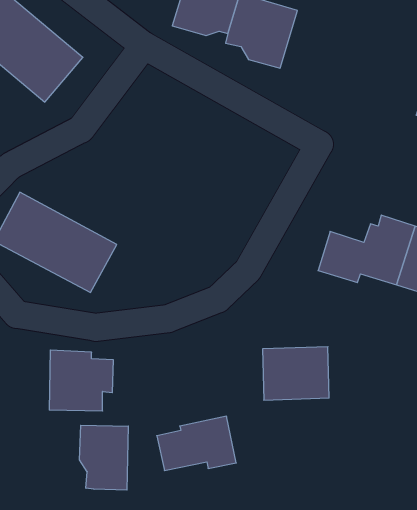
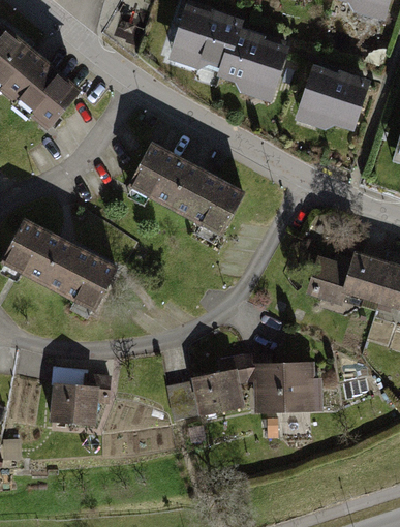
building: none -> [294,61,372,126]
building: none -> [125,141,243,236]
building: [157,416,236,471] -> [168,370,244,422]
building: [79,425,128,490] -> none

